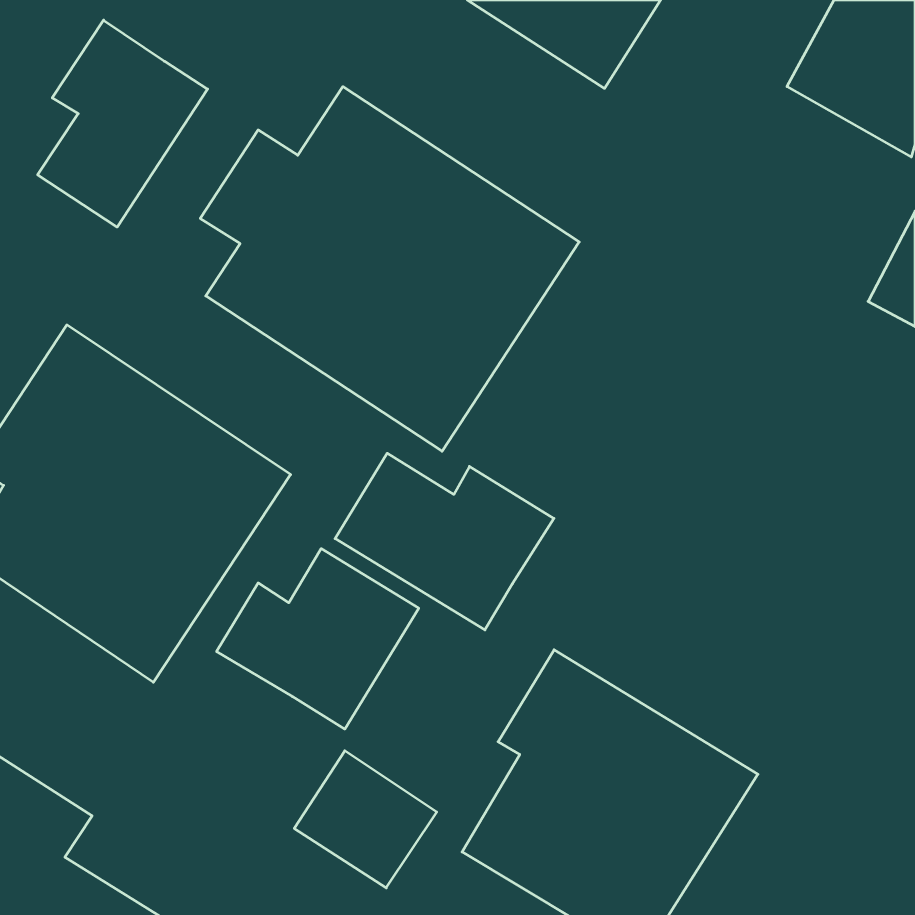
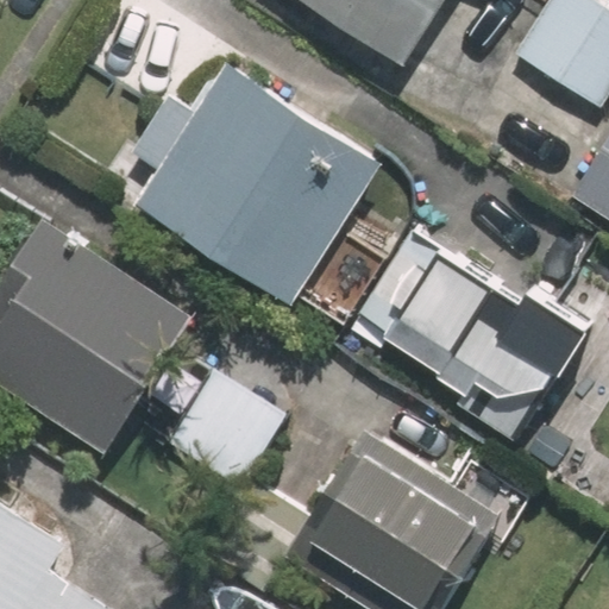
building: [38,20,208,227] -> none
building: none -> [357,231,589,442]
building: [335,453,554,630] -> none

